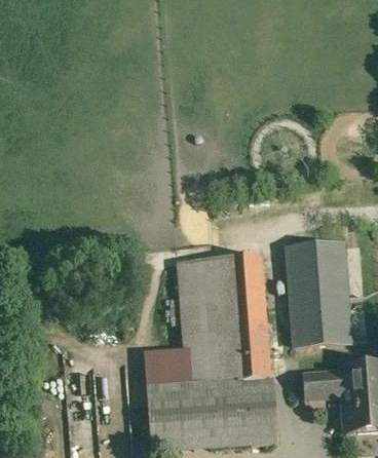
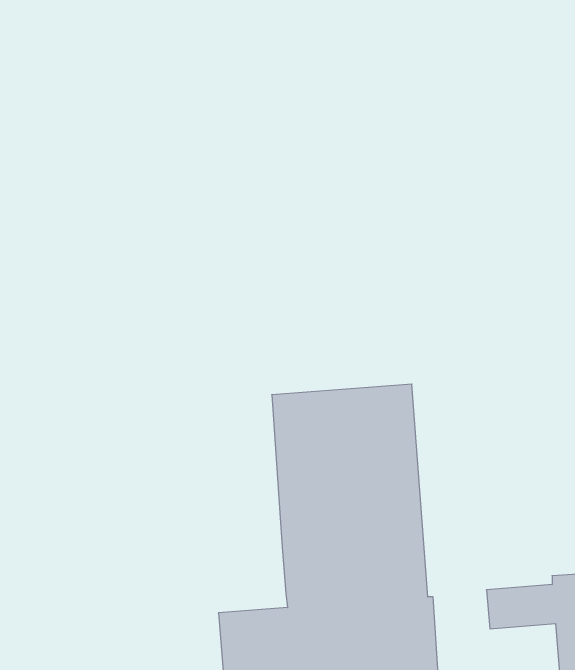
building: [291,249,349,343] -> none
building: [149,350,188,380] -> none

